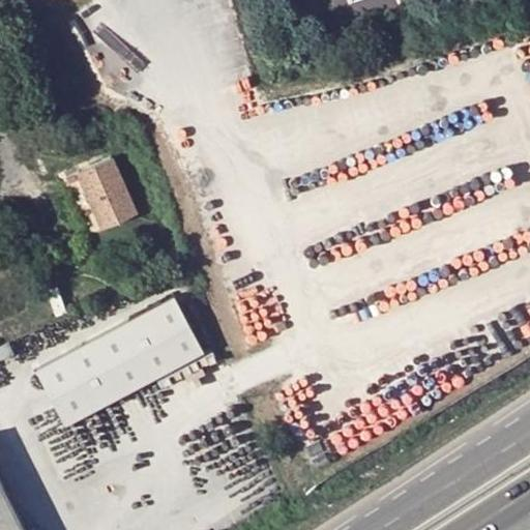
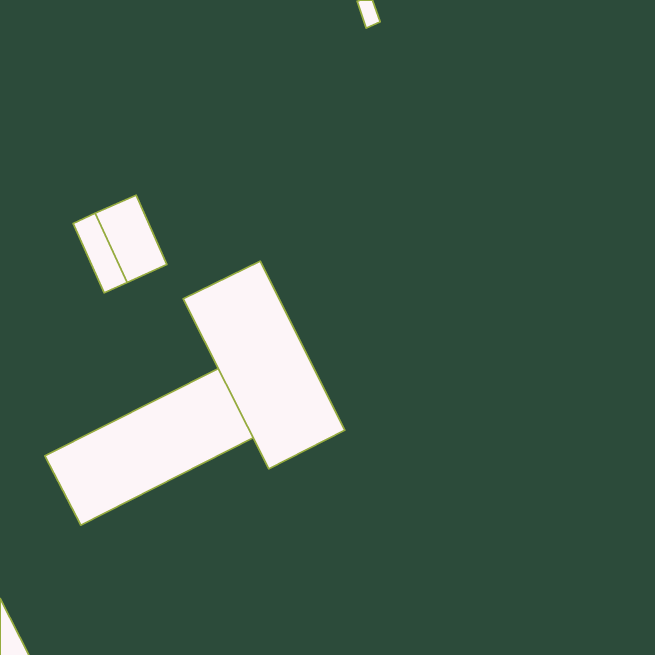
building: none -> [183,261,345,469]

